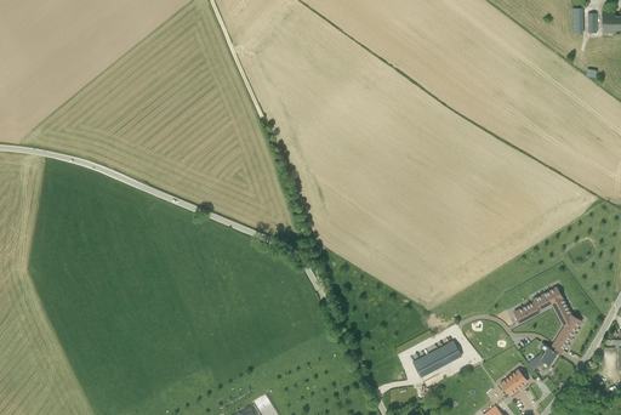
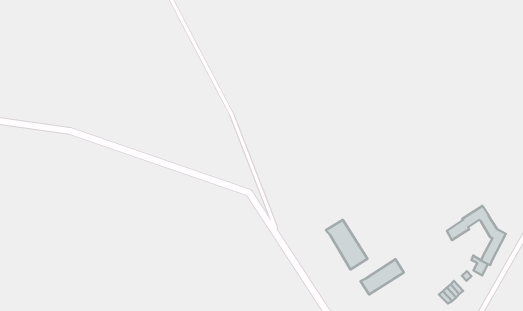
building: none -> [326,220,367,269]

